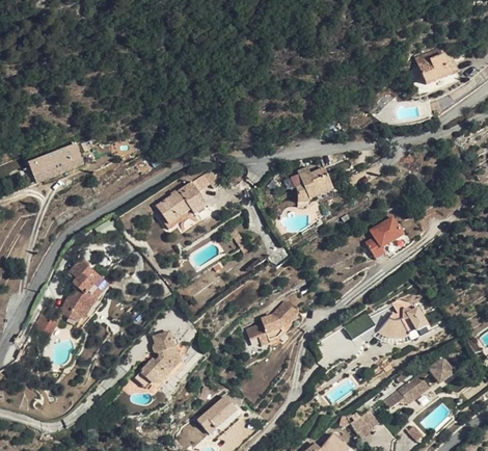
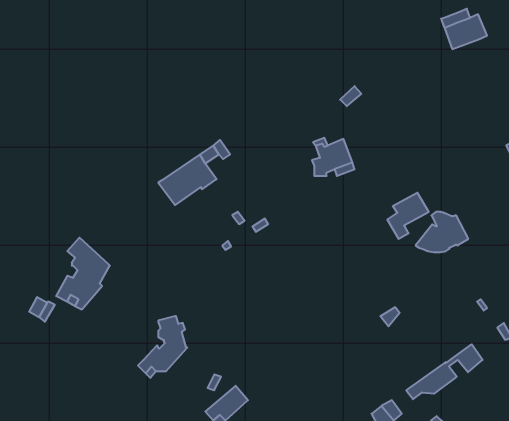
building: [21,138,79,183] -> none
building: [378,299,427,337] -> [416,212,468,252]
building: [246,300,299,345] -> none

